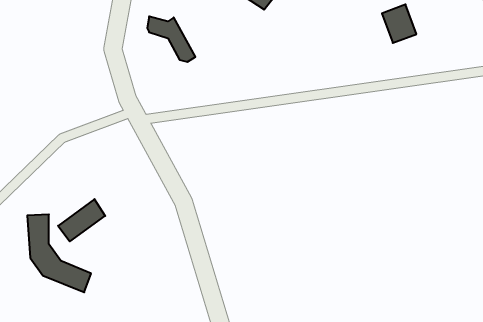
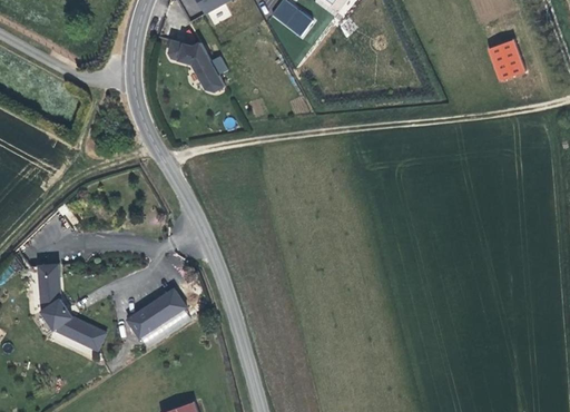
building: [382,4,416,43] -> [485,39,524,82]
building: [58,199,105,241] -> [129,291,183,339]

